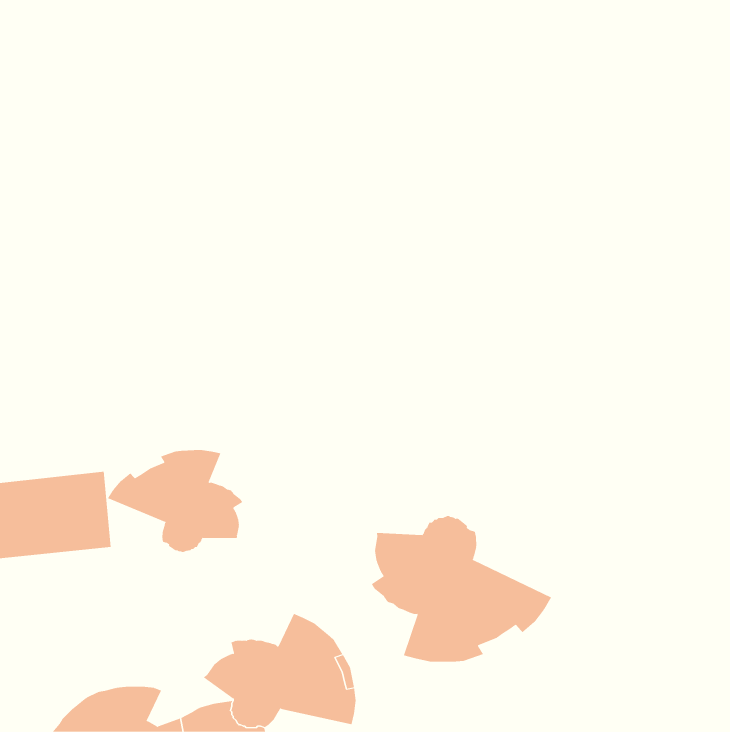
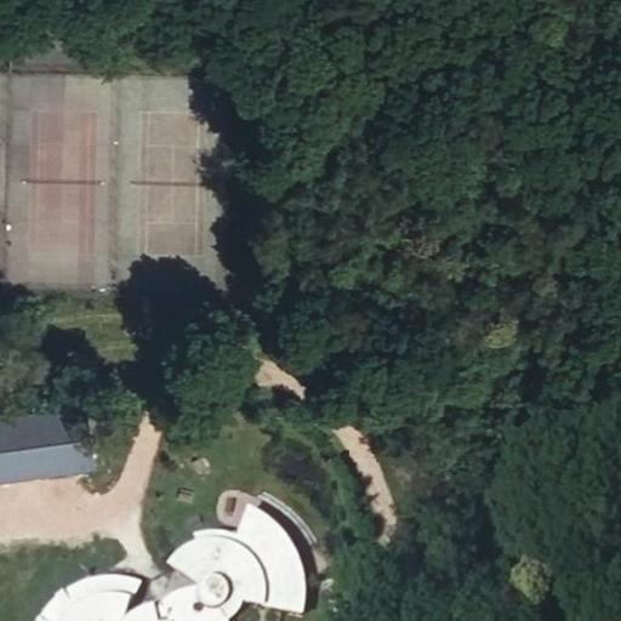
building: [107,449,243,553] -> none
building: [371,515,552,662] -> none

